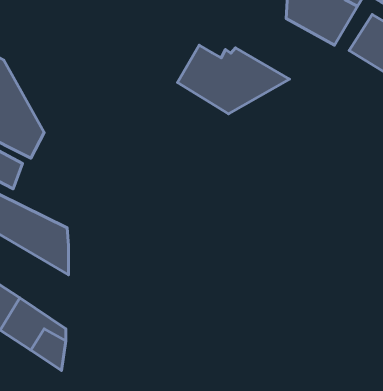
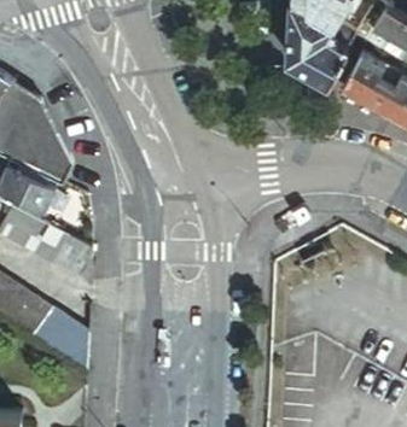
building: [177,45,290,114] -> none

